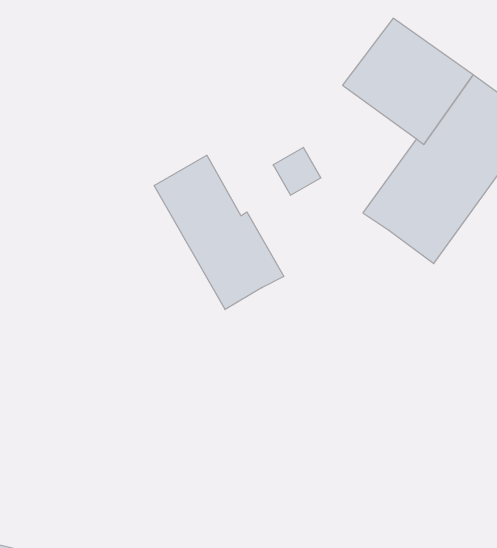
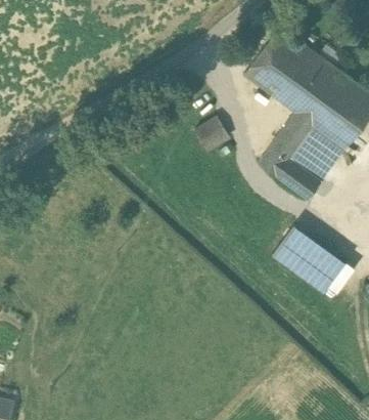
building: [154,155,284,310] -> none
building: none -> [272,225,345,293]

